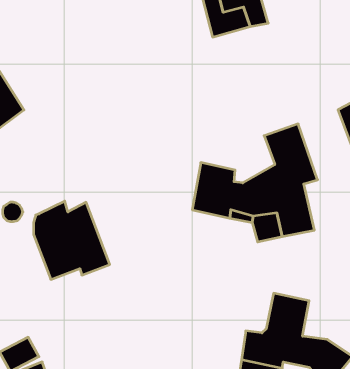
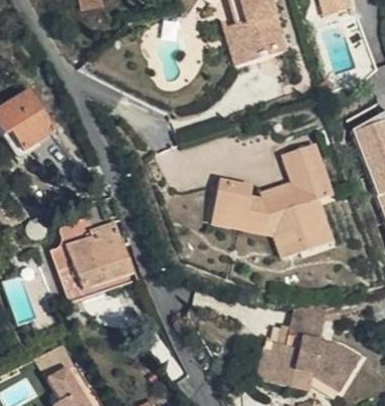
building: none -> [53,247,112,300]

